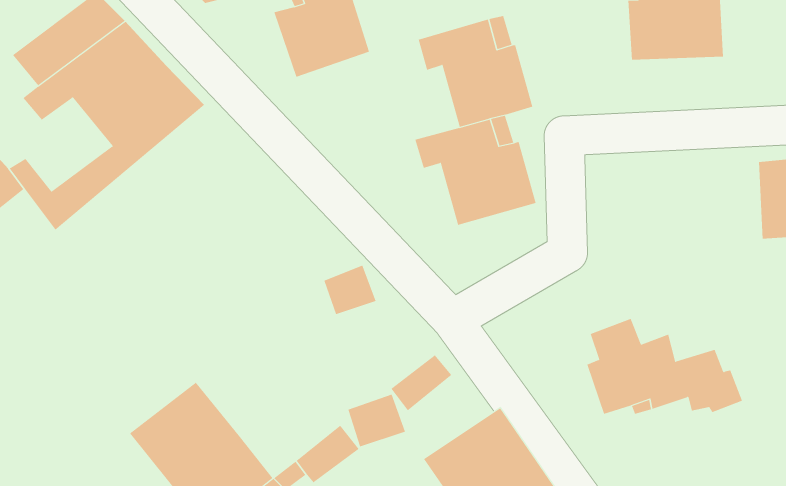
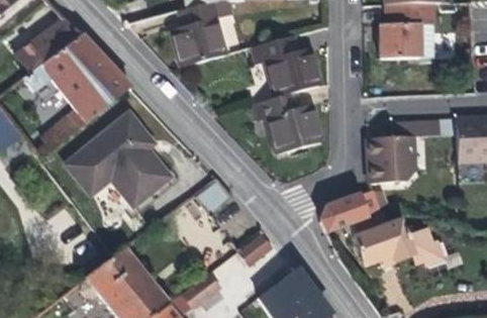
building: none -> [67,114,169,205]
building: none -> [368,118,441,181]
building: none -> [322,189,380,229]

